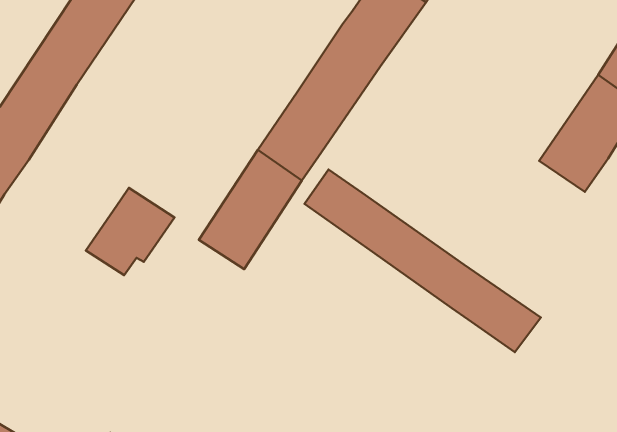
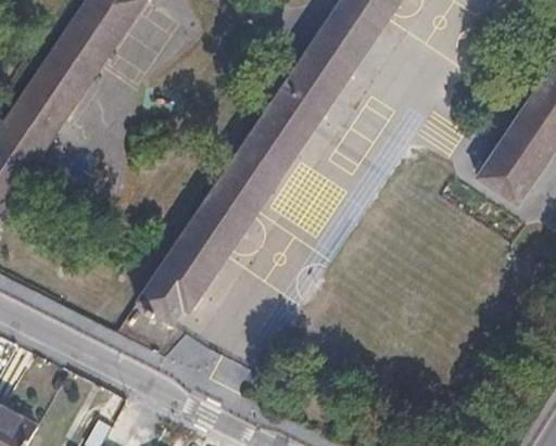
building: [305,170,541,352] -> none
building: [86,188,174,275] -> [139,244,217,321]

